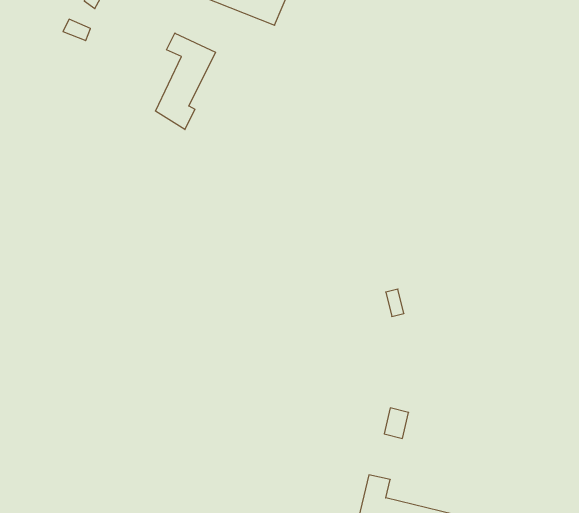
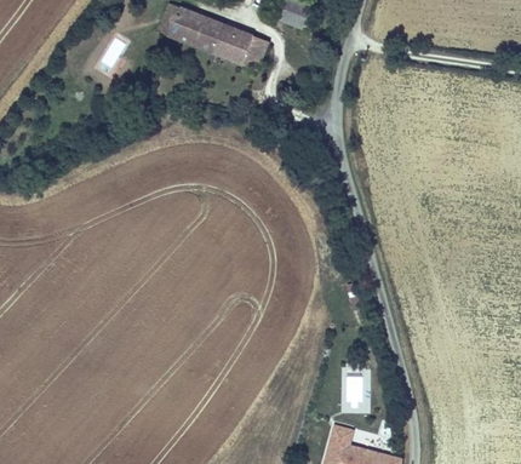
building: [156,33,216,130] -> none

